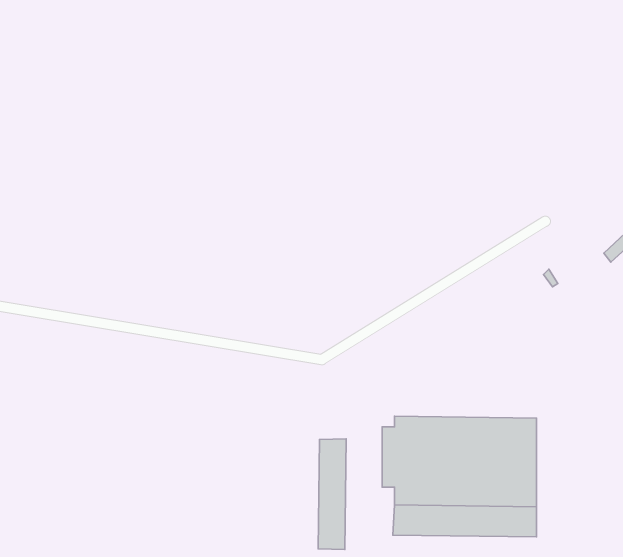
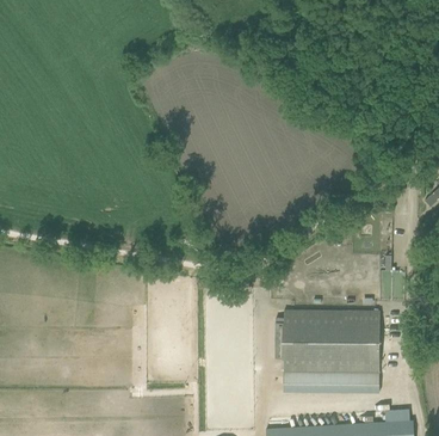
building: [318,439,346,549] -> none

